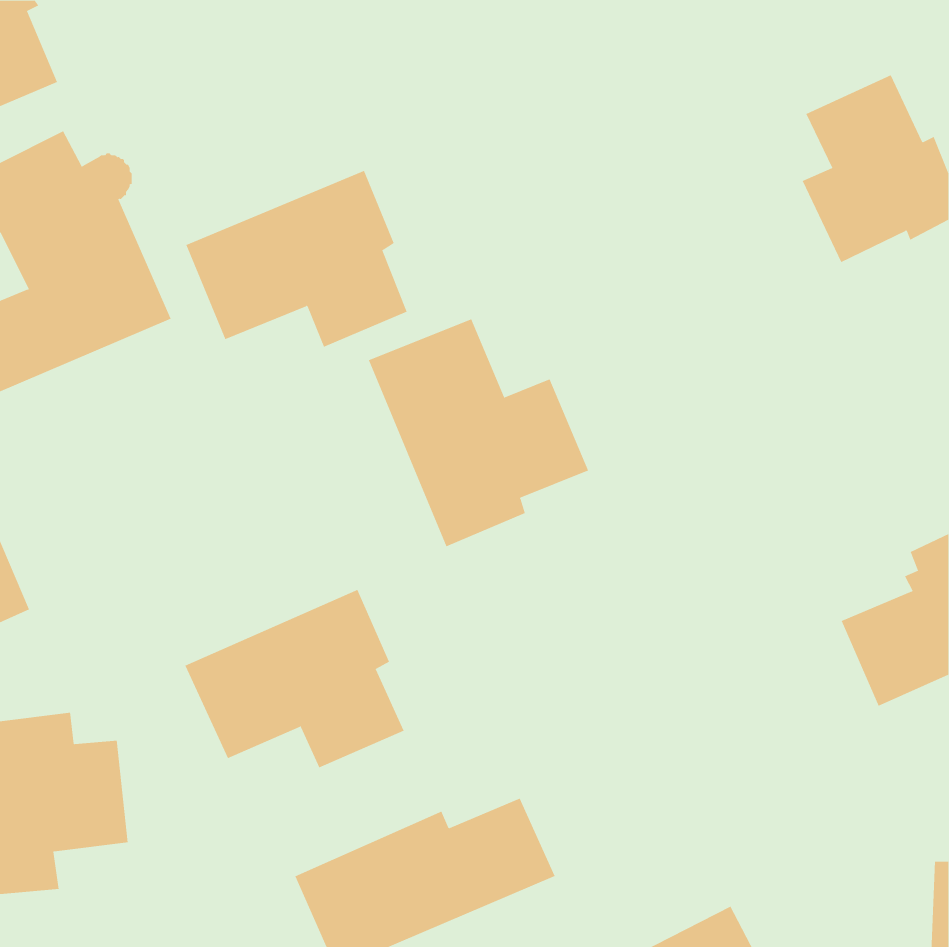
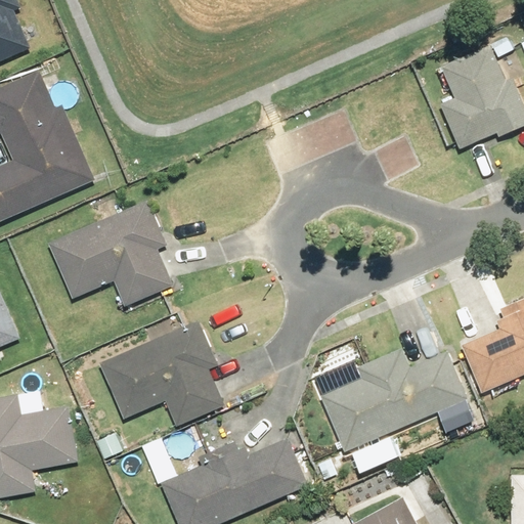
building: [186,170,407,347] -> [48,207,170,304]
building: [368,319,589,547] -> none
building: none -> [322,347,468,449]

